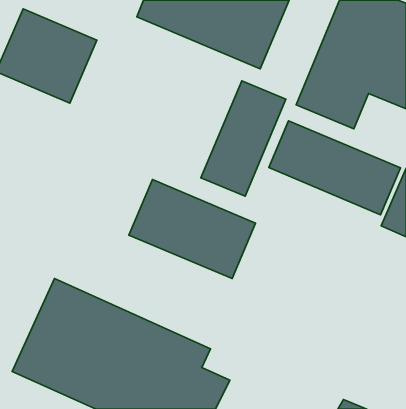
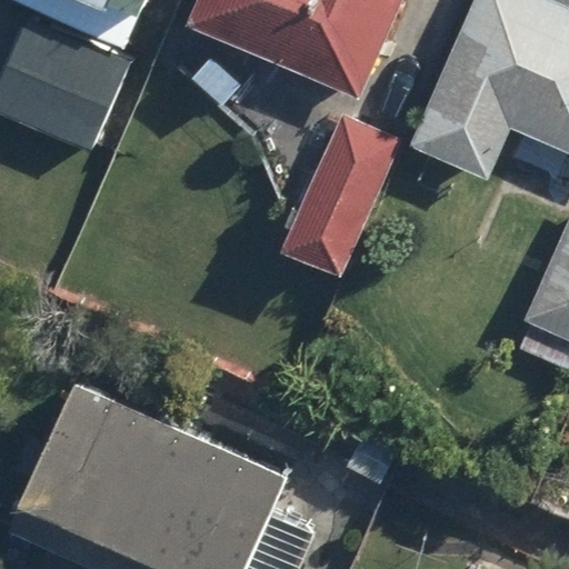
building: [269,121,400,215] -> none
building: [129,180,256,279] -> none

